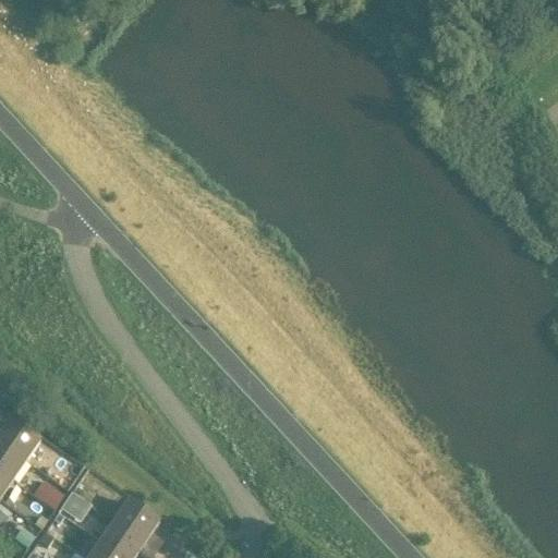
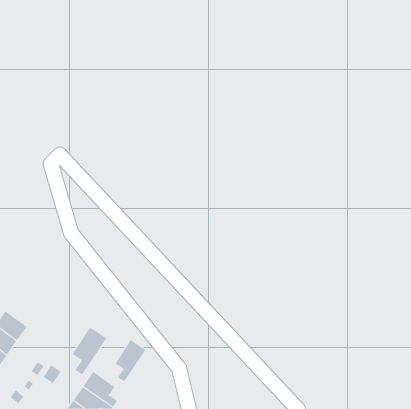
building: none -> [72,327,107,375]
building: none -> [115,339,146,382]

